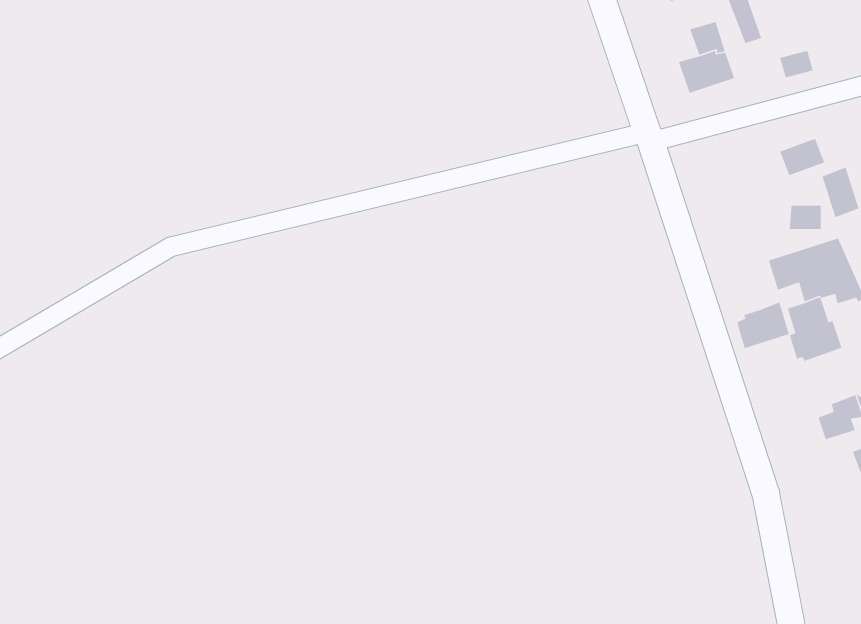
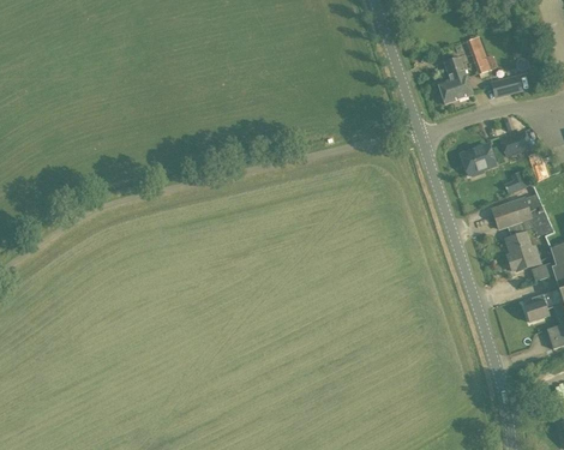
building: none -> [462,144,496,175]
building: [736,302,790,349] -> none

